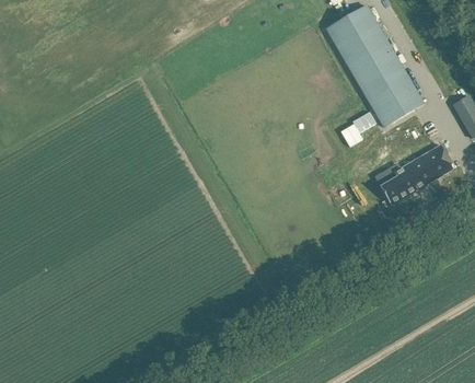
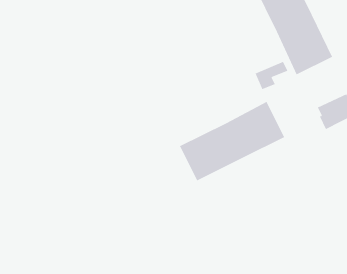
building: none -> [179,101,285,181]
building: [381,161,421,202] -> none

